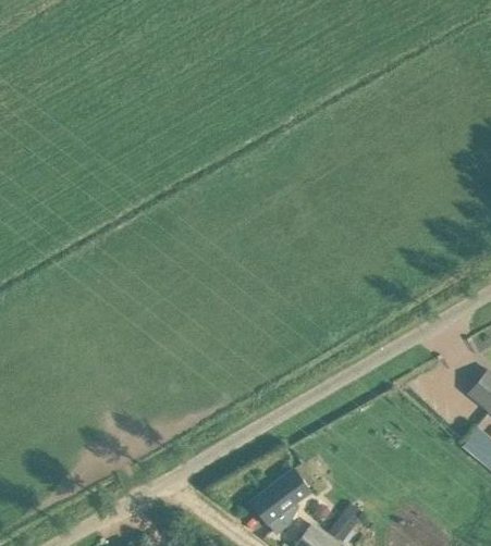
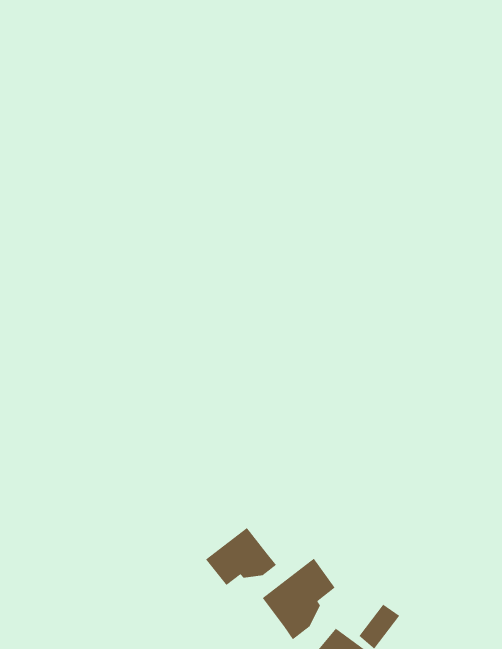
building: none -> [205,527,277,586]

